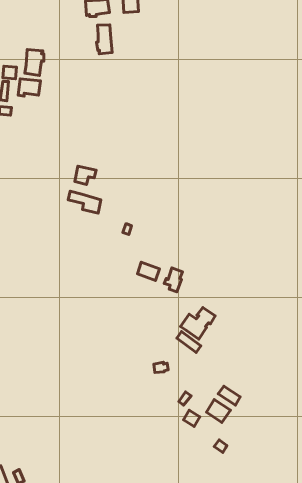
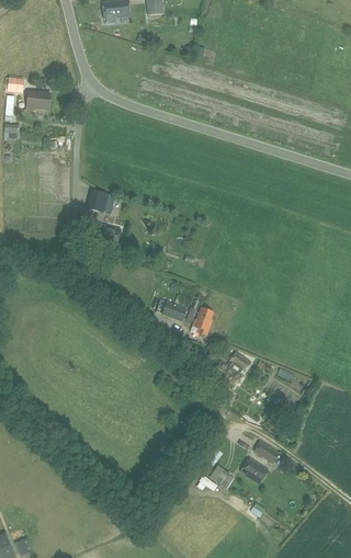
building: [96,25,112,54] -> none
building: [25,50,44,75] -> none

